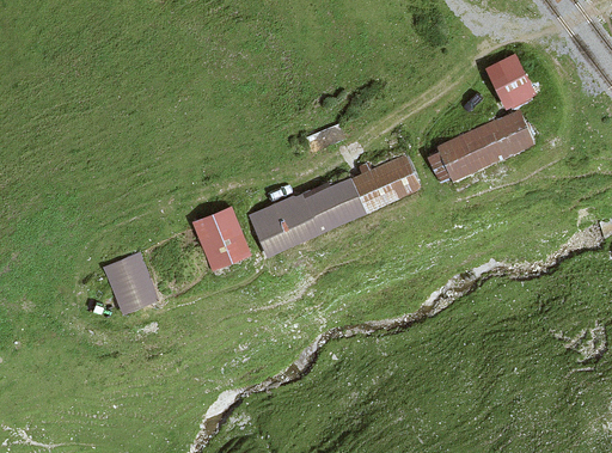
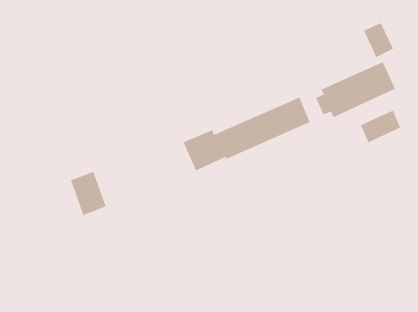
building: none -> [360,110,401,143]
building: [194,209,246,270] -> none

